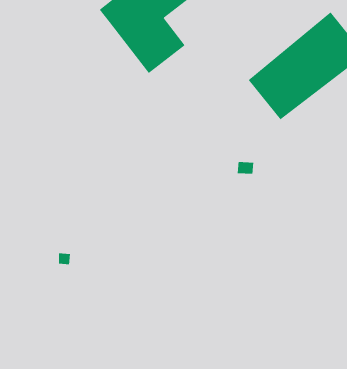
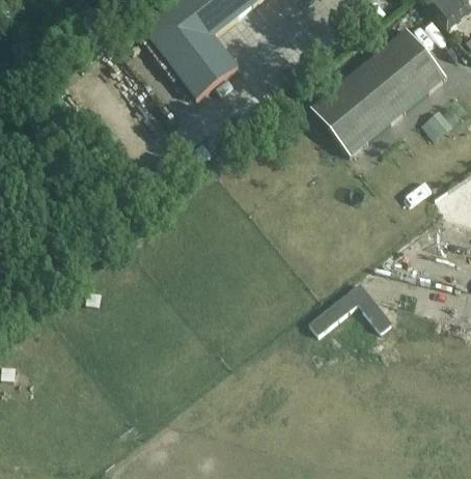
building: none -> [309,282,393,335]

